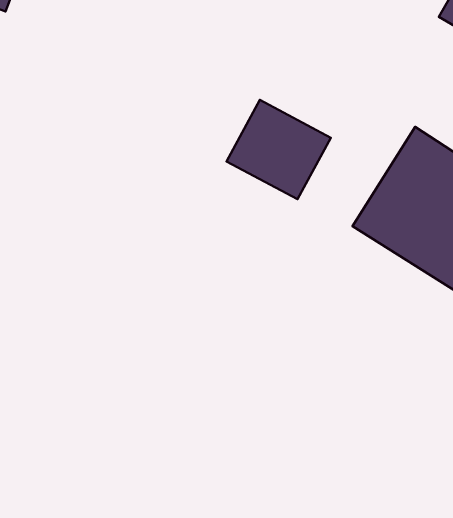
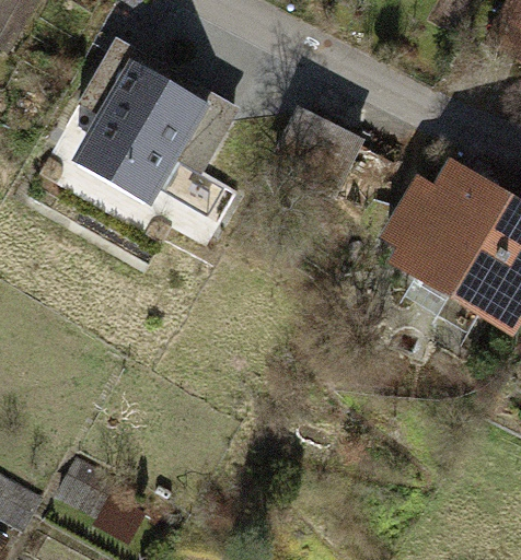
building: none -> [73,60,205,205]

